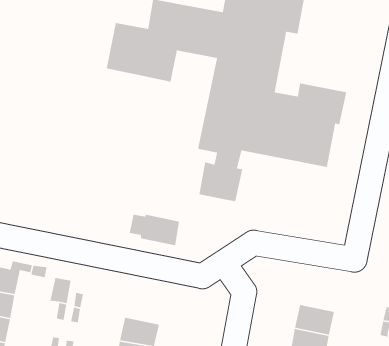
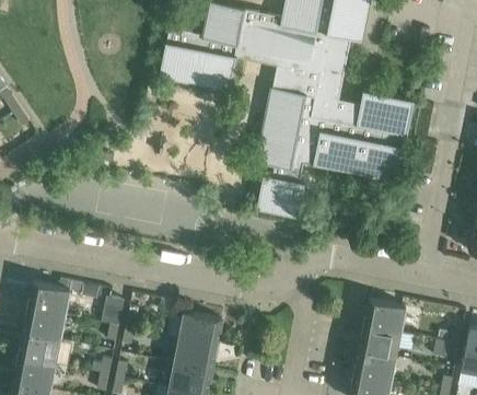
building: [129,214,180,246] -> [167,312,221,346]
building: none -> [363,300,406,333]

